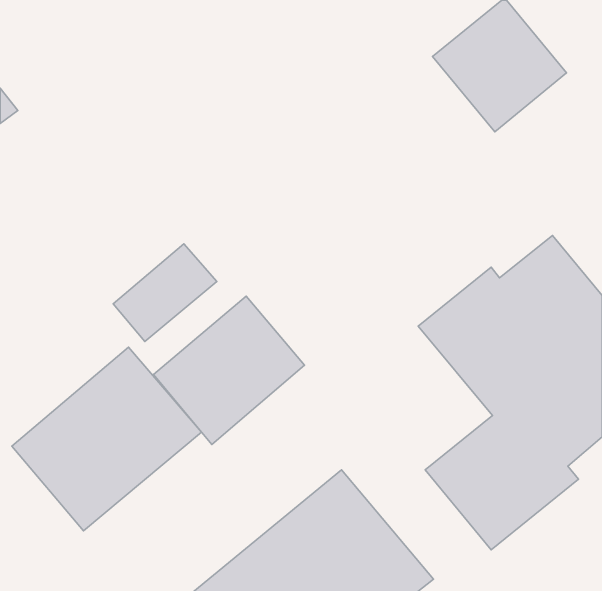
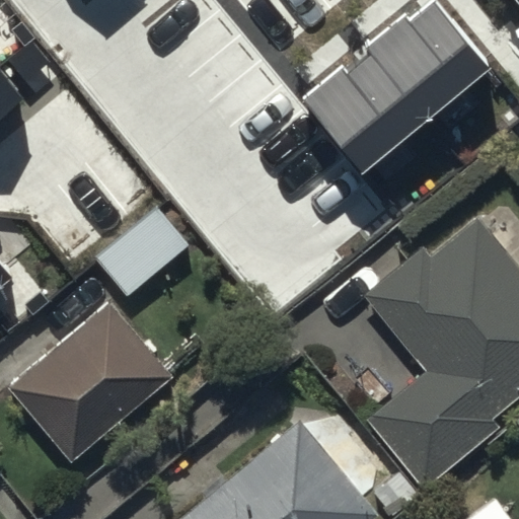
building: none -> [311,58,426,172]
building: [153,296,305,445] -> none

